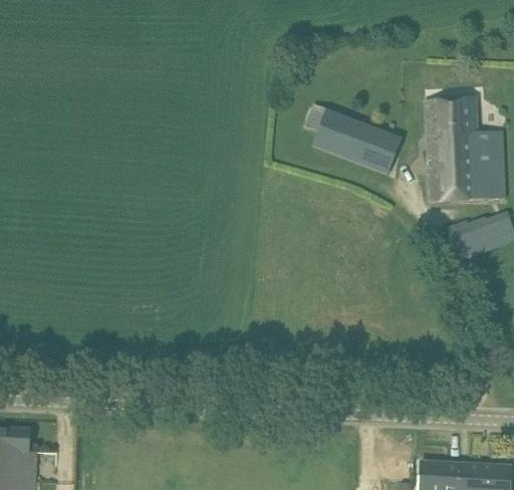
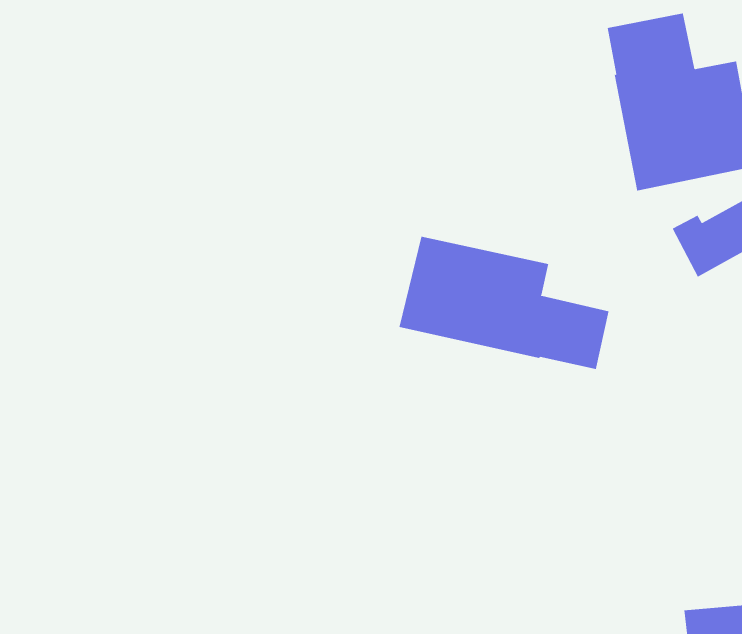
building: [305,103,402,173] -> none
building: none -> [399,236,609,370]

